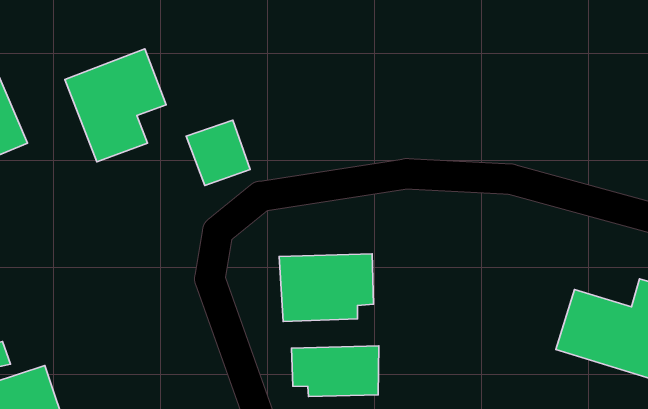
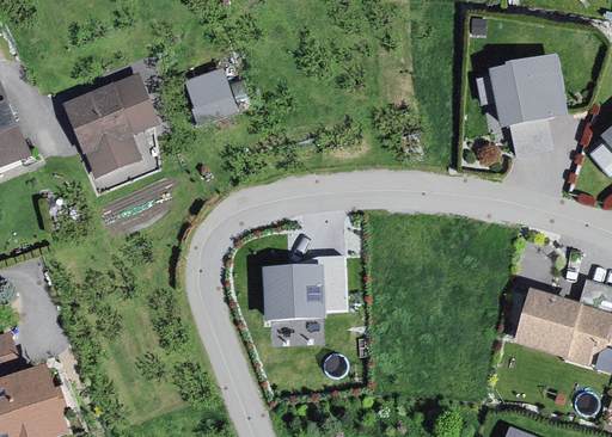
building: none -> [479,56,563,158]
building: [186,120,250,185] -> [180,68,238,127]
building: [292,346,379,397] -> none

